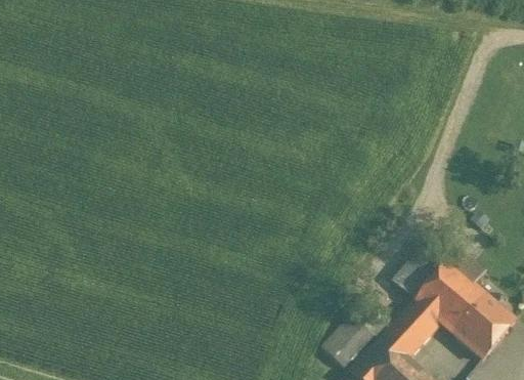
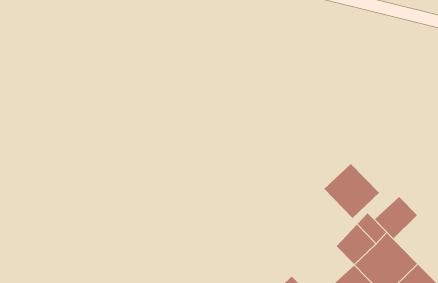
building: none -> [324,163,380,219]
building: none -> [374,196,418,239]

